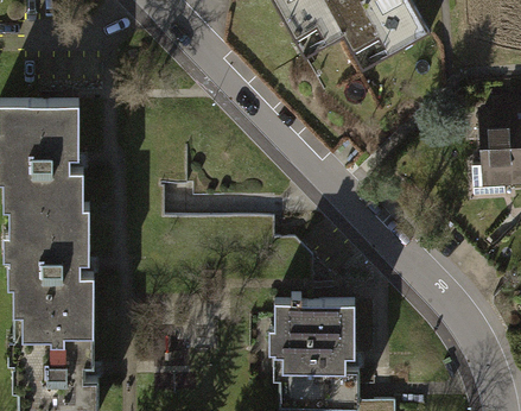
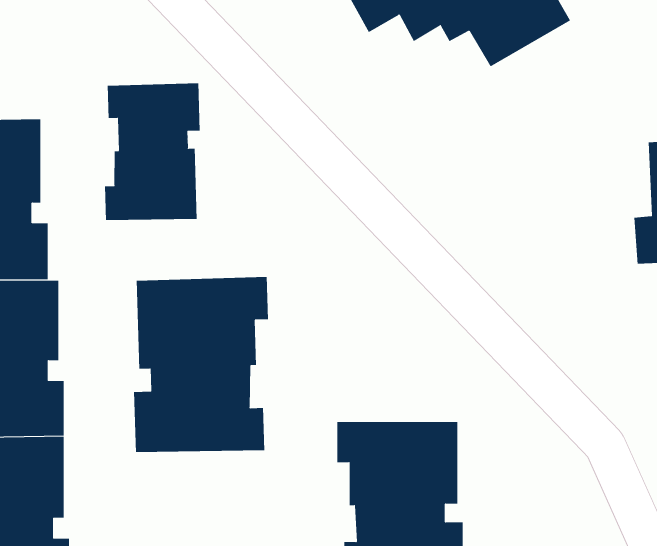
building: none -> [105,82,200,221]
building: none -> [134,276,269,453]

